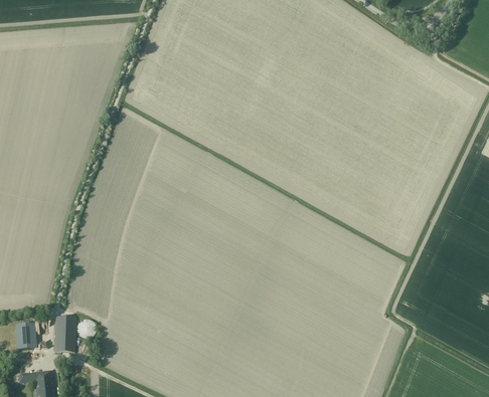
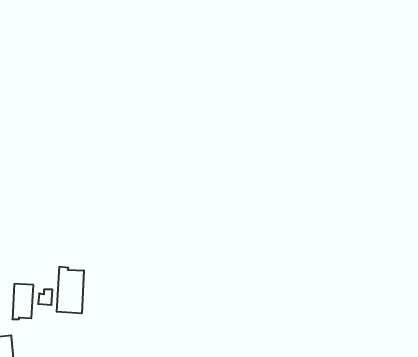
building: none -> [57,267,84,313]

